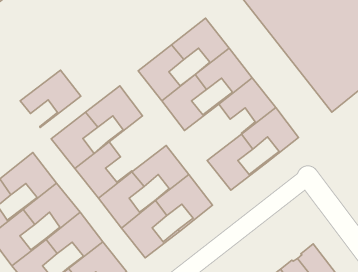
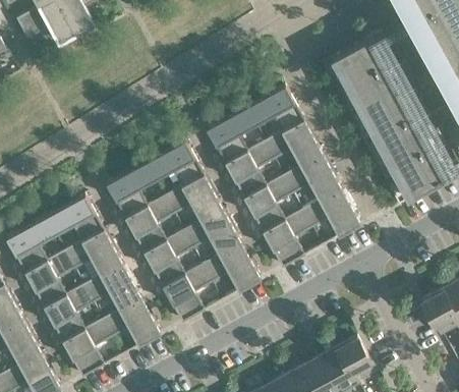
building: [20,70,81,128] -> none
building: none -> [244,177,302,233]
building: none -> [165,176,223,232]

